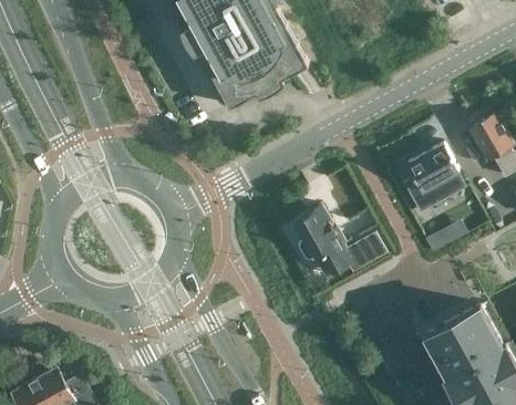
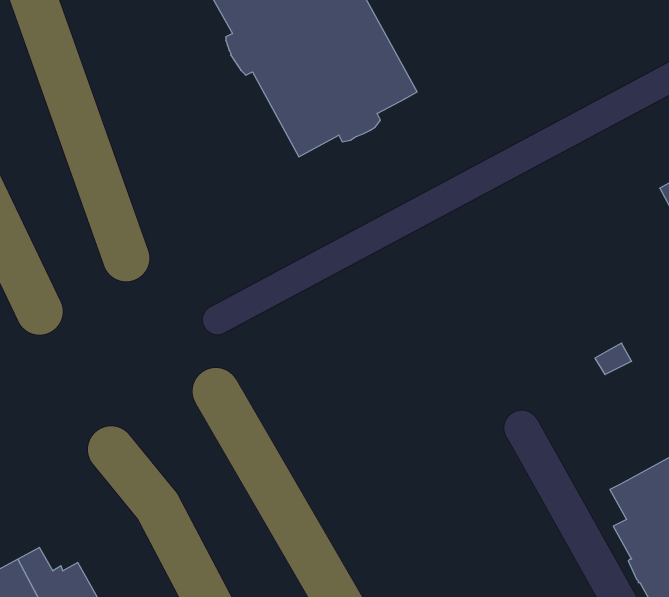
building: [401,144,464,214] -> none
building: [293,208,382,274] -> none

